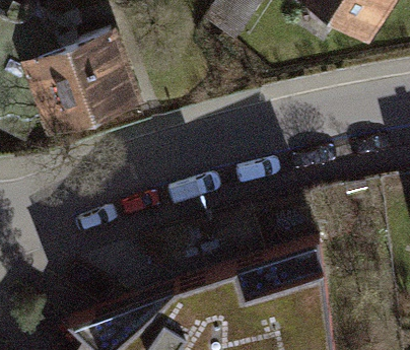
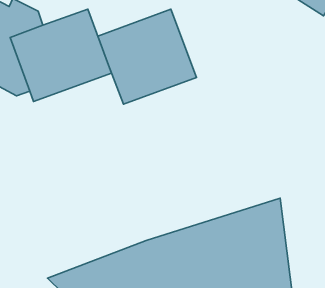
building: none -> [98,9,197,104]

